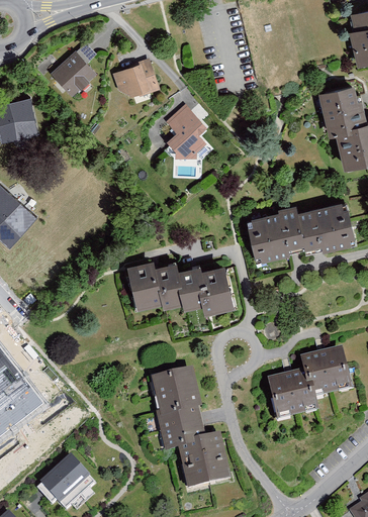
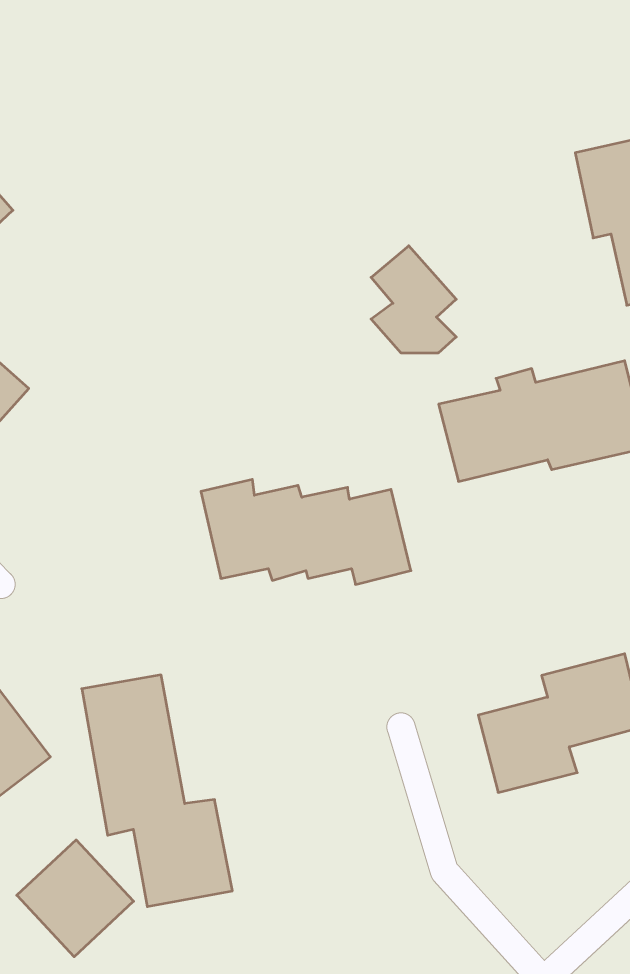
building: [49,42,98,97] -> none
building: [114,61,160,98] -> none
building: [164,103,207,158] -> [371,246,456,353]
building: [151,371,227,489] -> [82,675,232,907]

